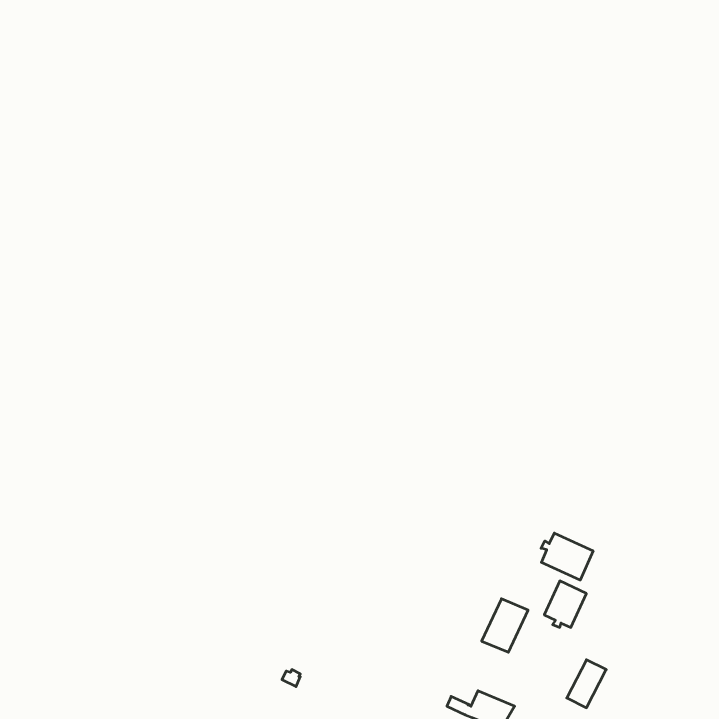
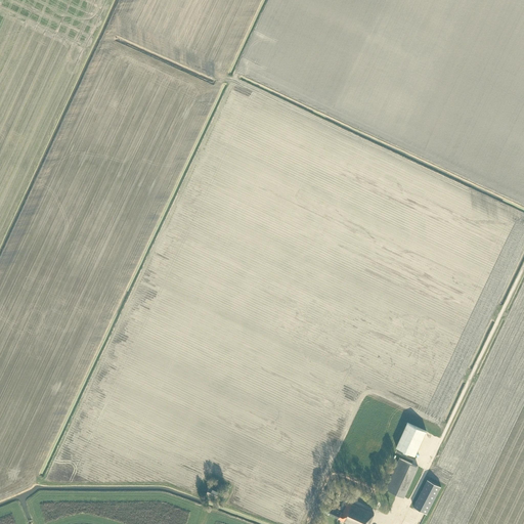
building: [541,533,593,580] -> none
building: [482,599,528,652] -> [384,458,418,497]

